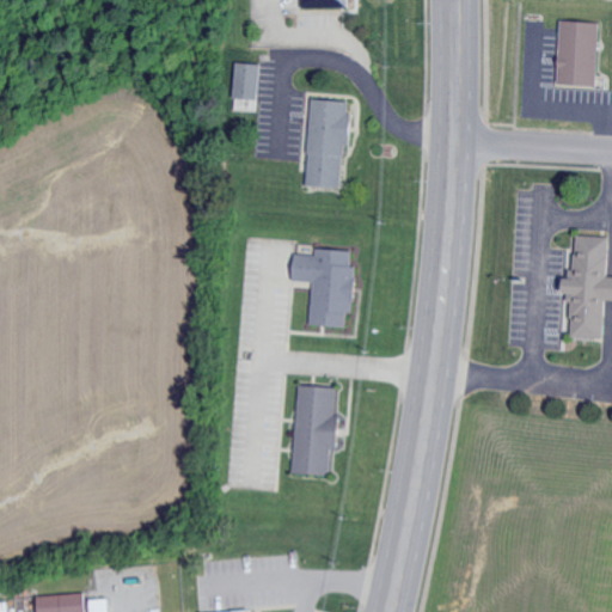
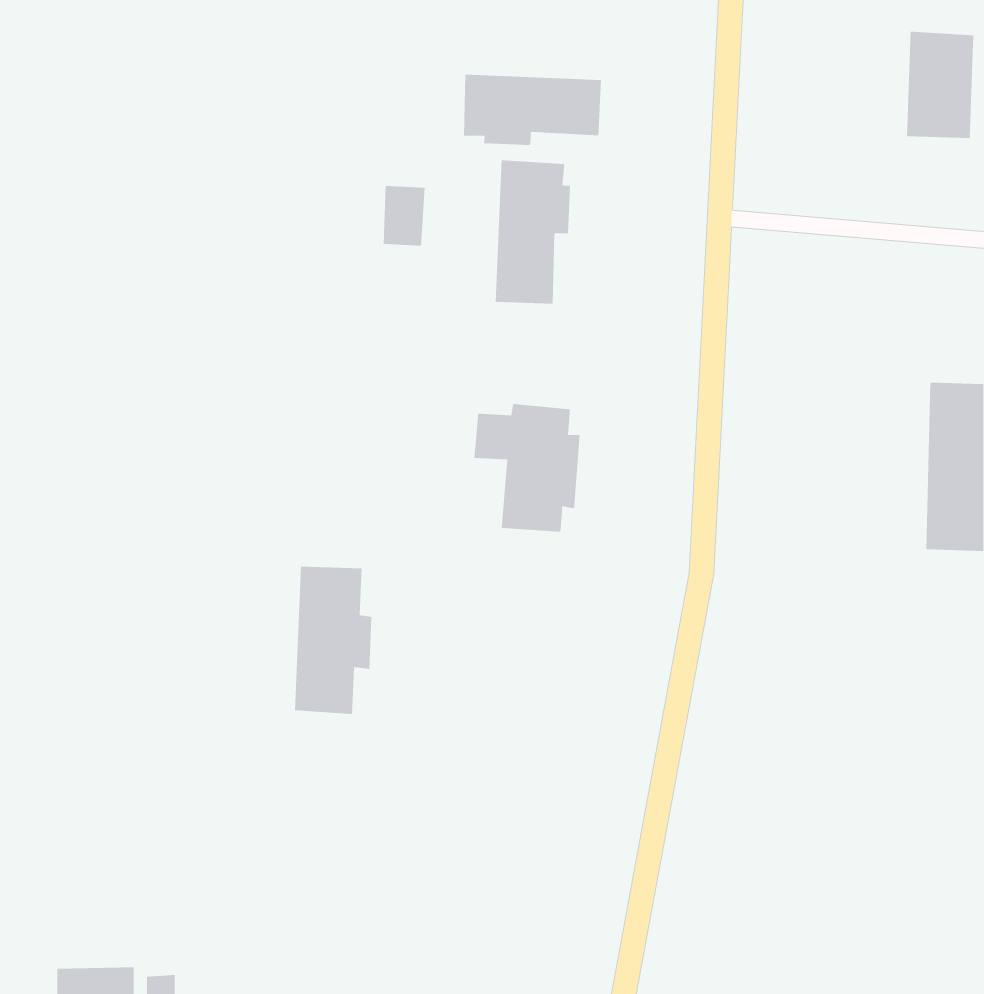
building: none -> [463,74,602,146]
building: [232,63,258,100] -> [383,186,426,246]
building: [293,386,341,477] -> [294,566,372,714]

